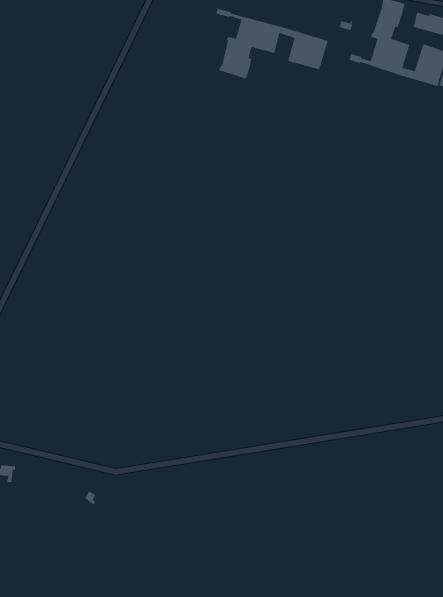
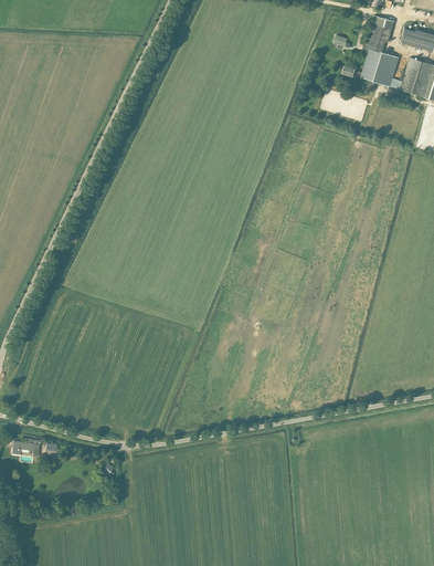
building: [215,8,329,80] -> none

